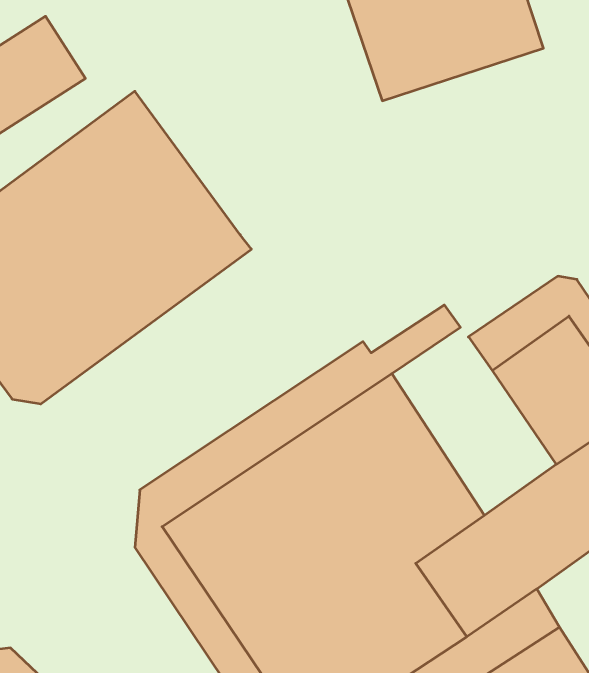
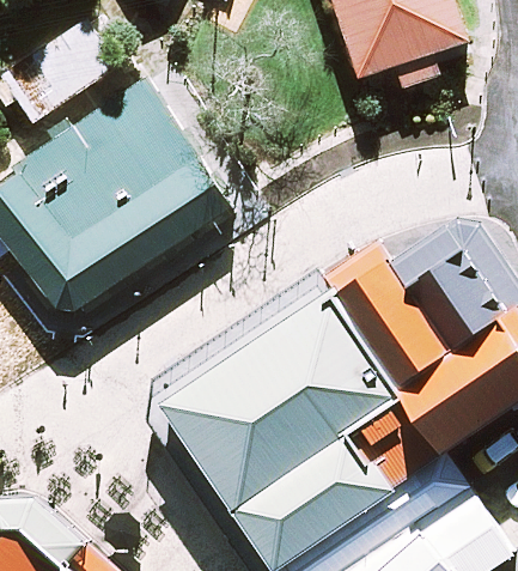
building: none -> [343,260,467,401]

